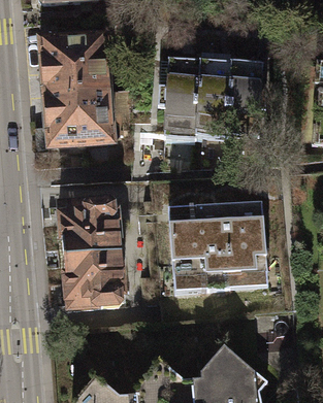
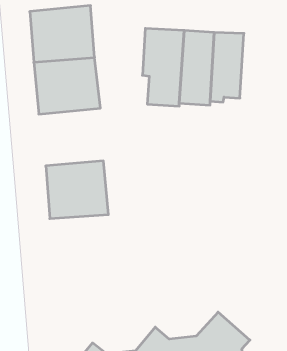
building: [168,201,269,293] -> none
building: [61,251,126,311] -> none

